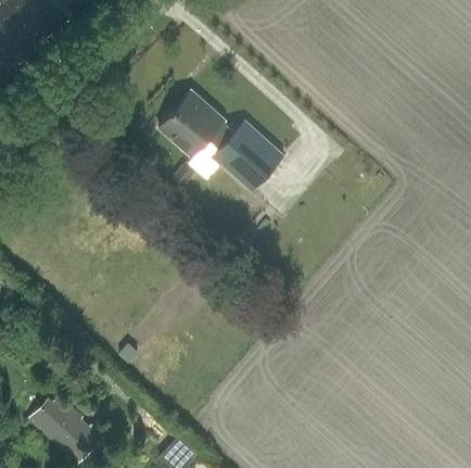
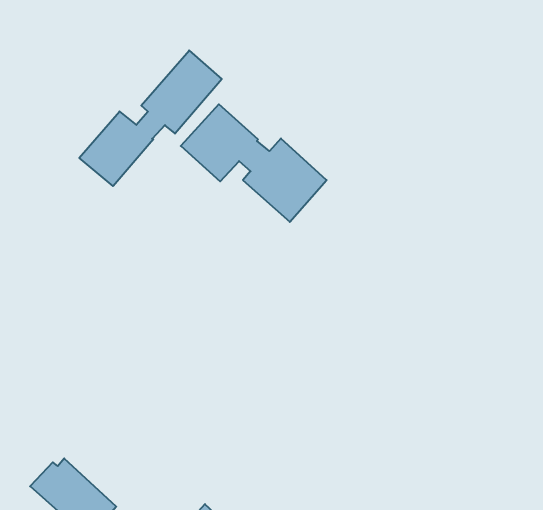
building: none -> [79,50,222,186]

